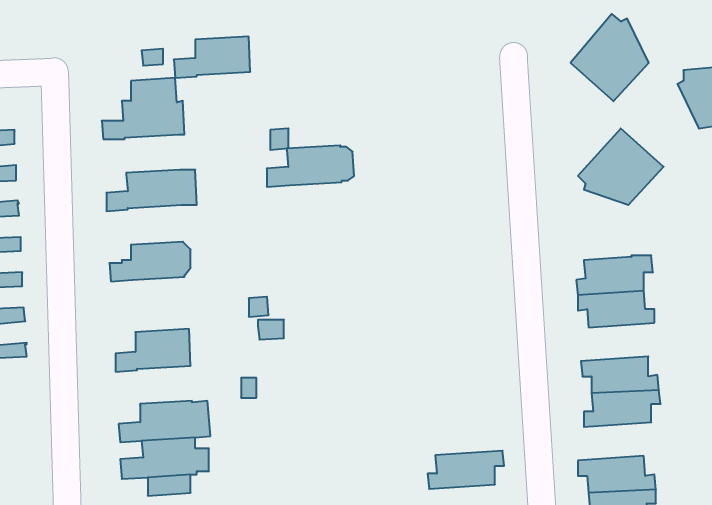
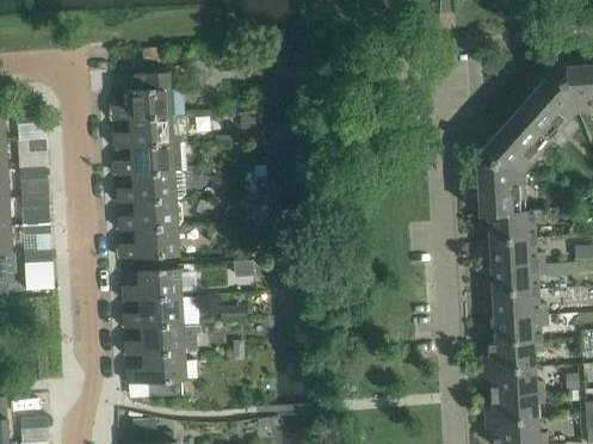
building: [571,14,649,101] -> [517,73,577,141]
building: [174,37,250,78] -> [113,116,173,148]
building: [267,145,354,187] -> [117,171,185,203]
building: none -> [477,159,525,215]
building: none -> [119,227,179,259]
building: none -> [484,263,544,292]
building: none -> [124,296,183,328]
building: [428,451,504,489] -> [482,340,542,370]

